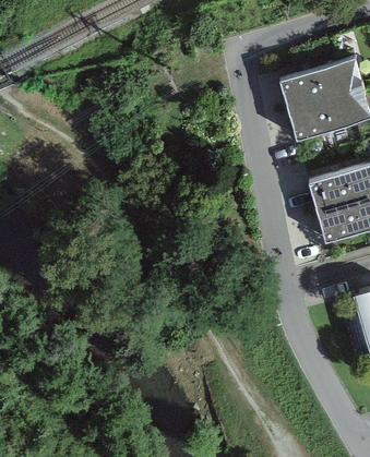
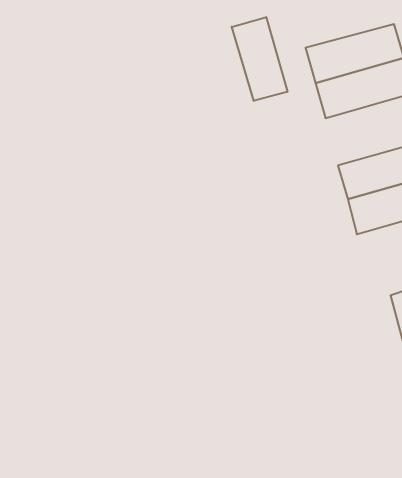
building: none -> [232,17,287,101]

